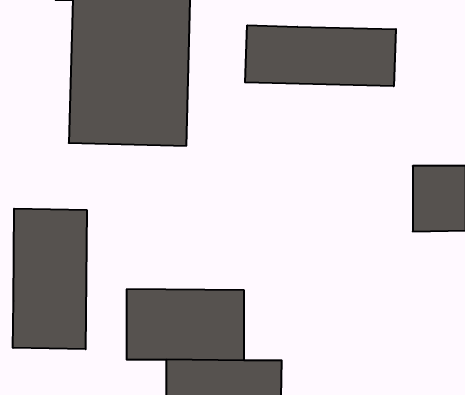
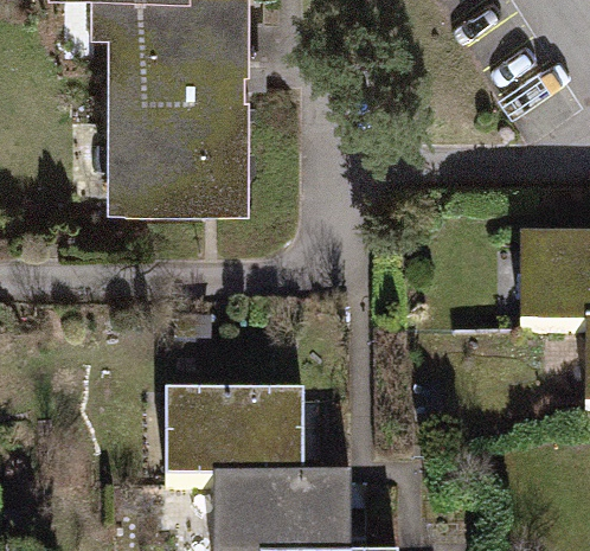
building: [245,25,396,86] -> none
building: [13,209,87,349] -> none

